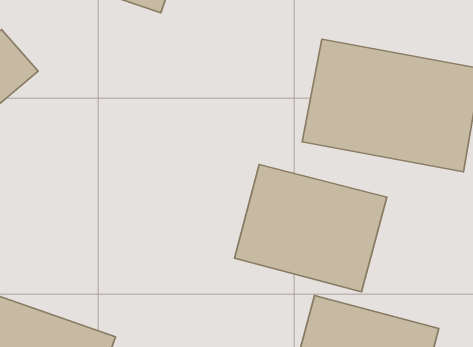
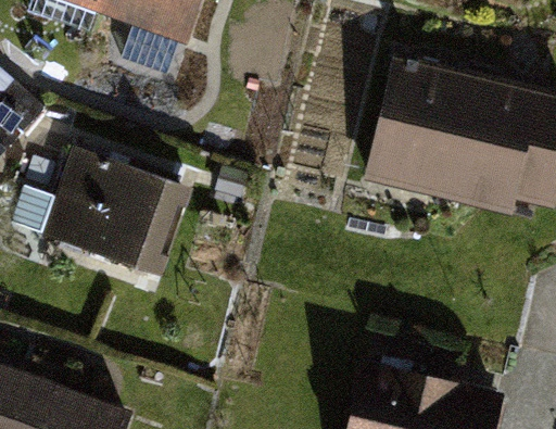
building: none -> [24,148,210,301]
building: [234,164,387,292] -> none

